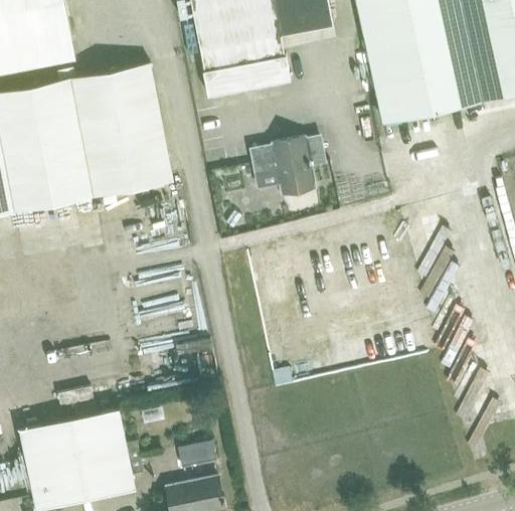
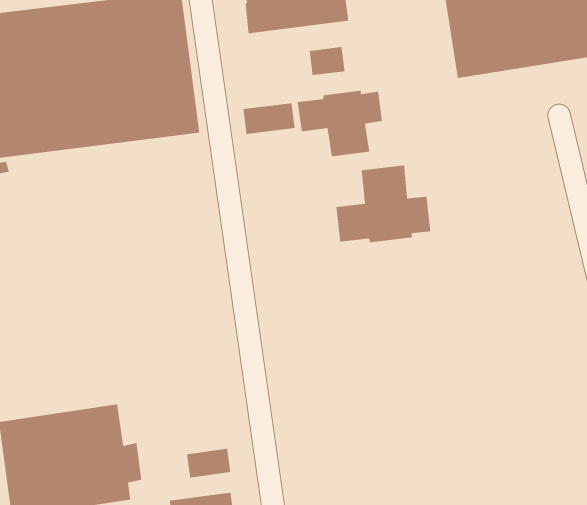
building: none -> [309,46,345,76]
building: none -> [242,102,296,135]
building: none -> [335,164,431,243]

